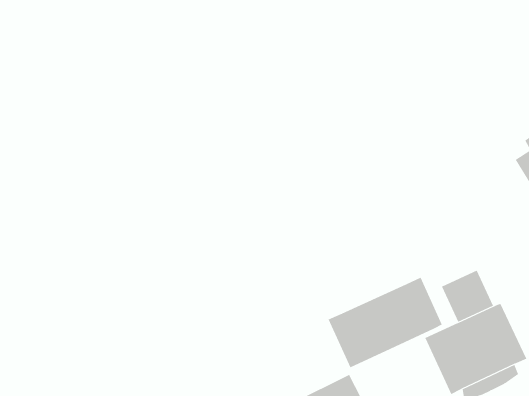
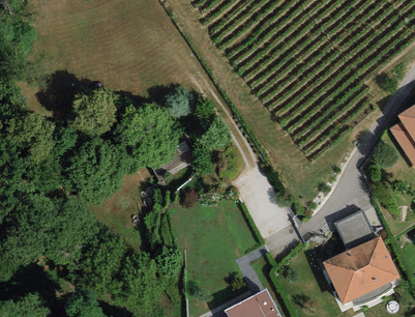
building: [328,277,442,368] -> none

